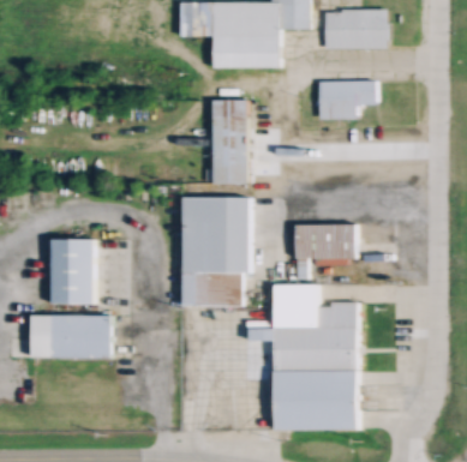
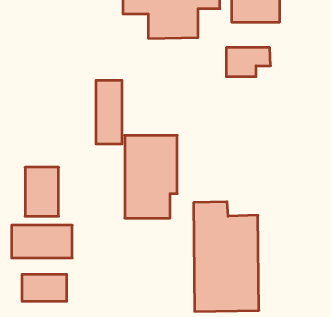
building: [212,100,247,184] -> [96,80,122,144]
building: [294,224,357,278] -> none
building: none -> [22,274,67,301]

